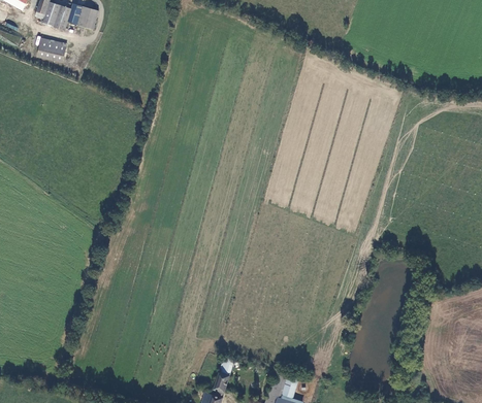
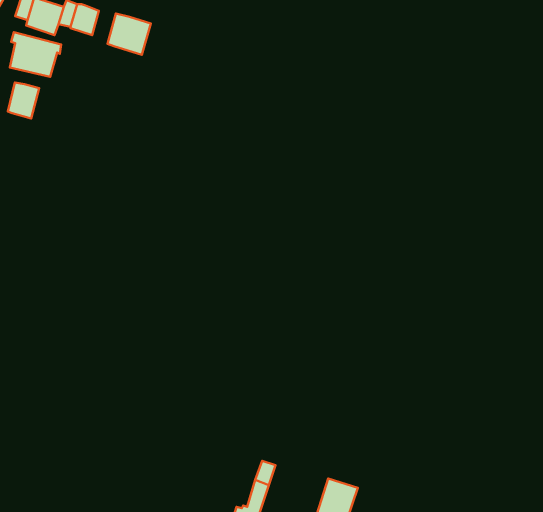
building: none -> [108,14,151,55]
building: none -> [8,82,39,119]

